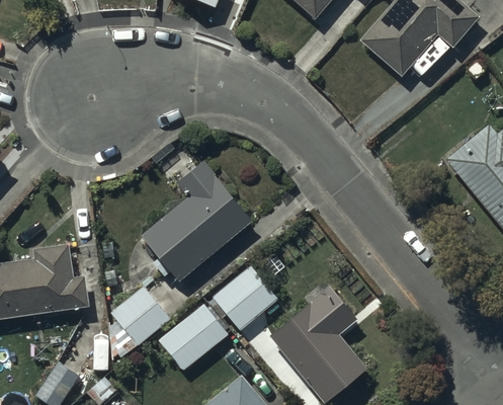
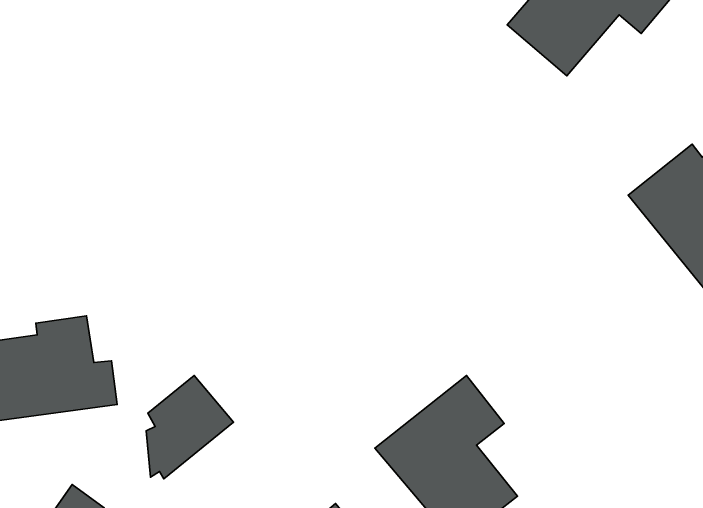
building: [142,162,252,281] -> none
building: [212,266,277,331] -> none
building: [159,304,229,372] -> none

